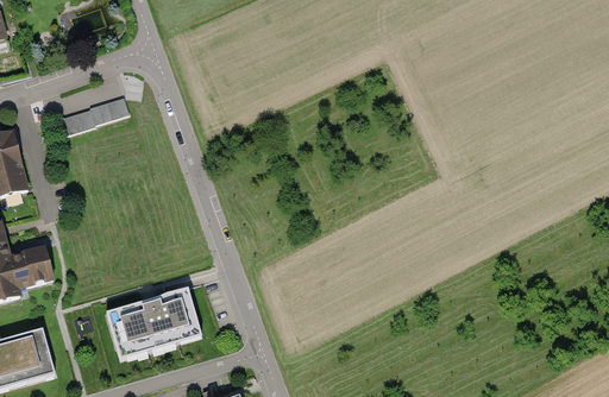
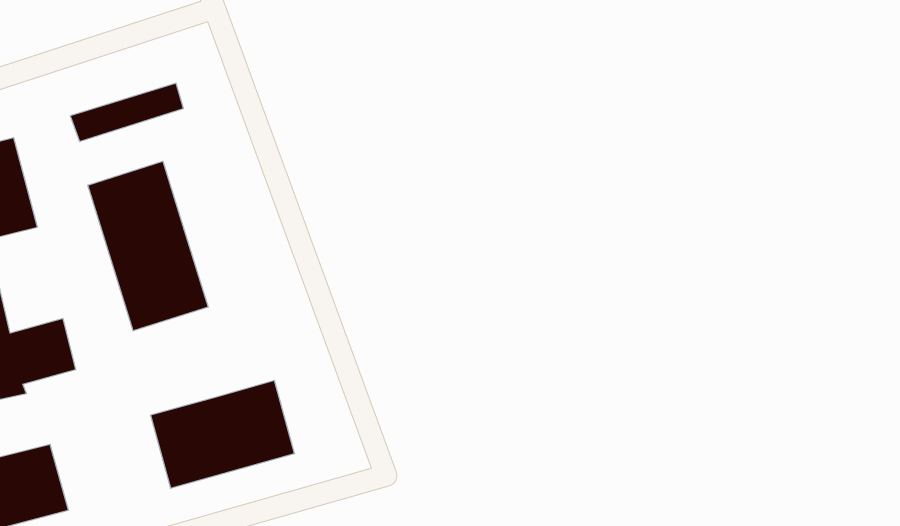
building: none -> [88,161,208,331]

